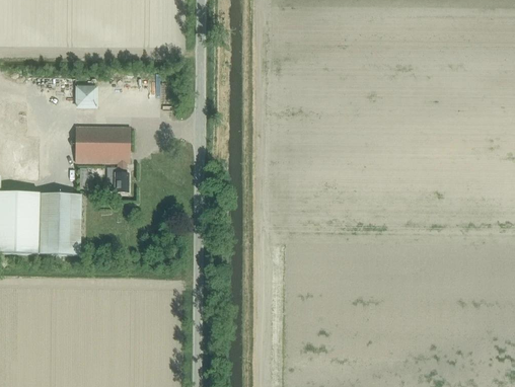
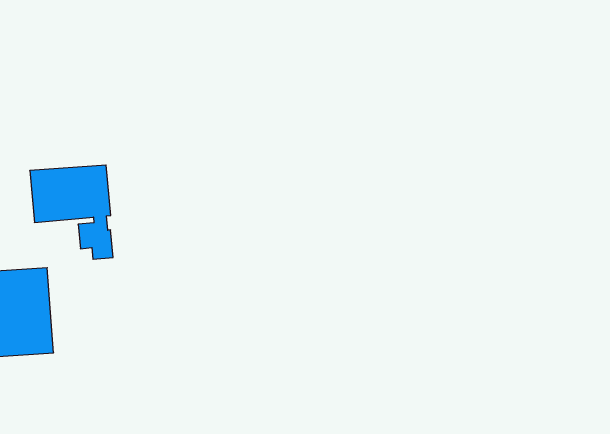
building: [74,83,96,106] -> none

